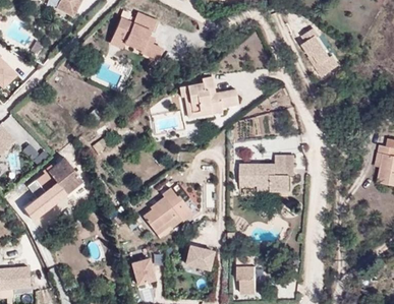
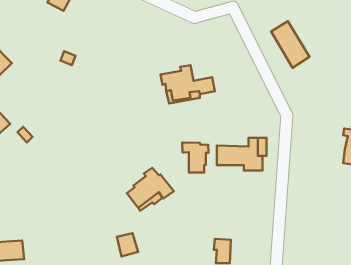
building: [108,11,163,61] -> none
building: [22,159,81,221] -> none
building: none -> [182,142,209,172]
building: [183,247,212,270] -> none

